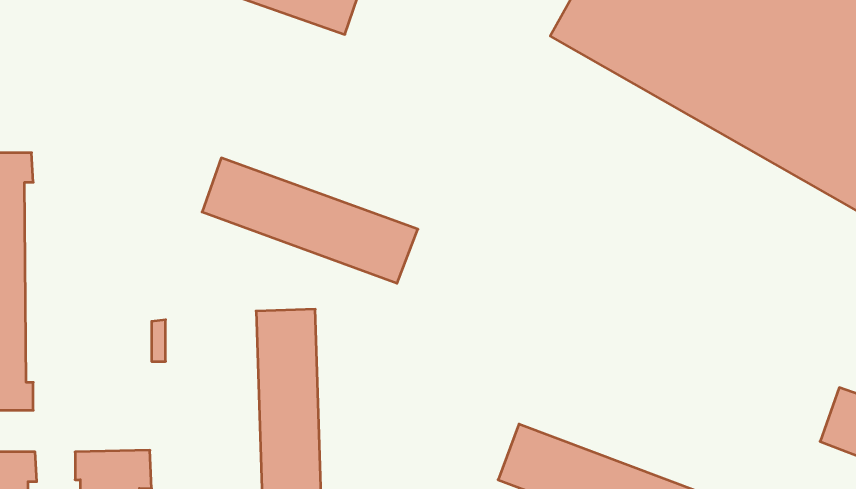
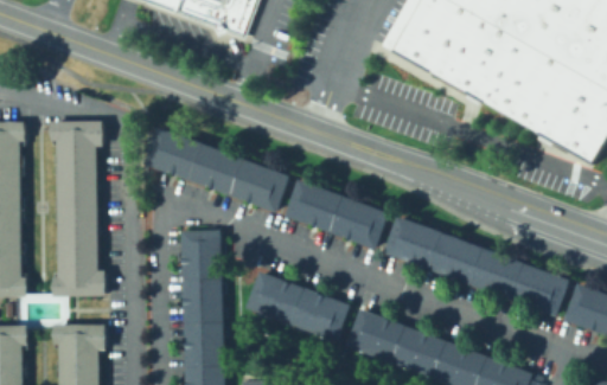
building: none -> [53,123,108,299]
building: none -> [285,179,388,249]
building: none -> [382,217,570,317]
building: none -> [245,270,350,342]

